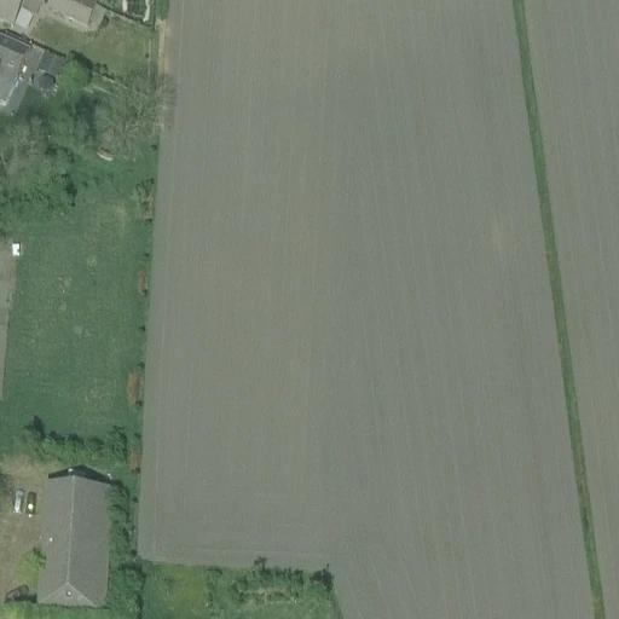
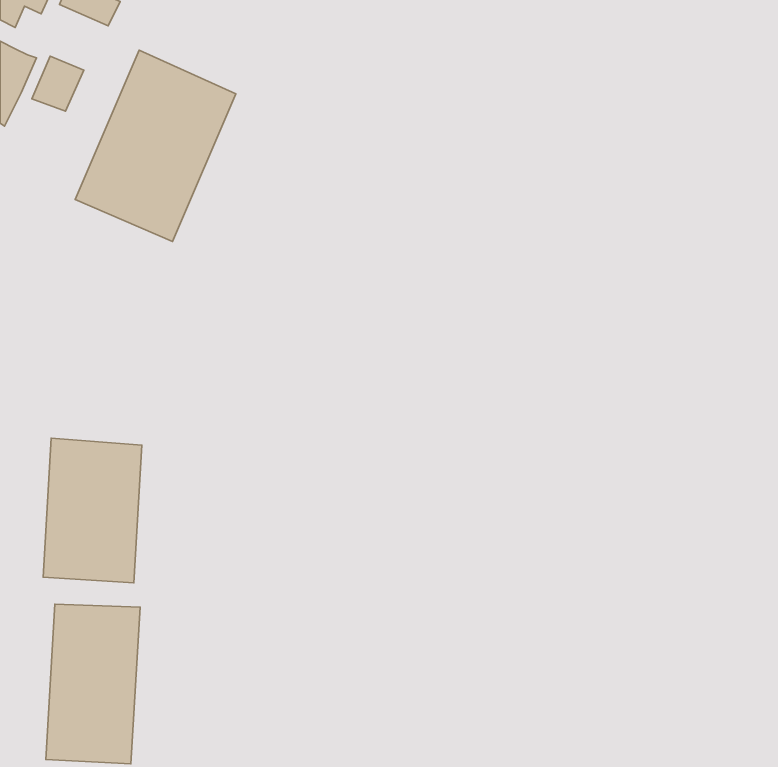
building: none -> [75,50,236,242]
building: none -> [43,438,142,583]

